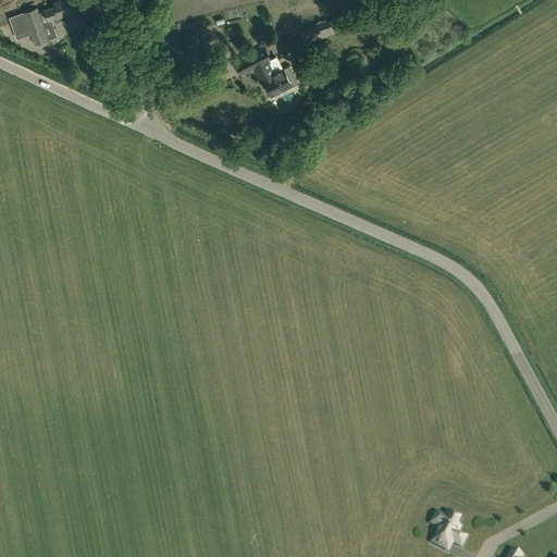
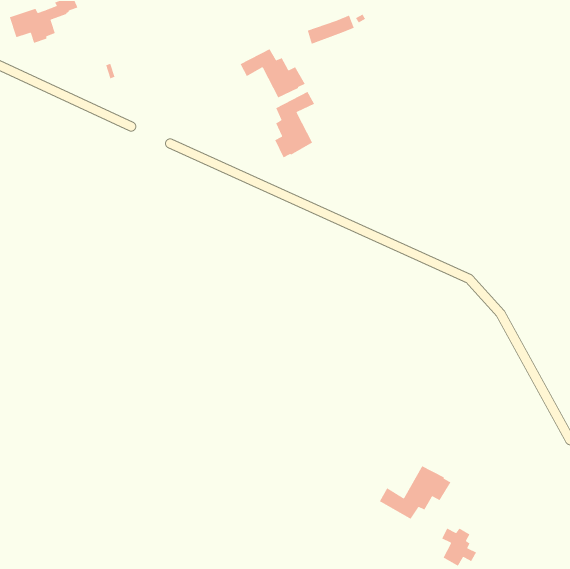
building: none -> [274,91,315,159]
building: none -> [379,465,452,520]

